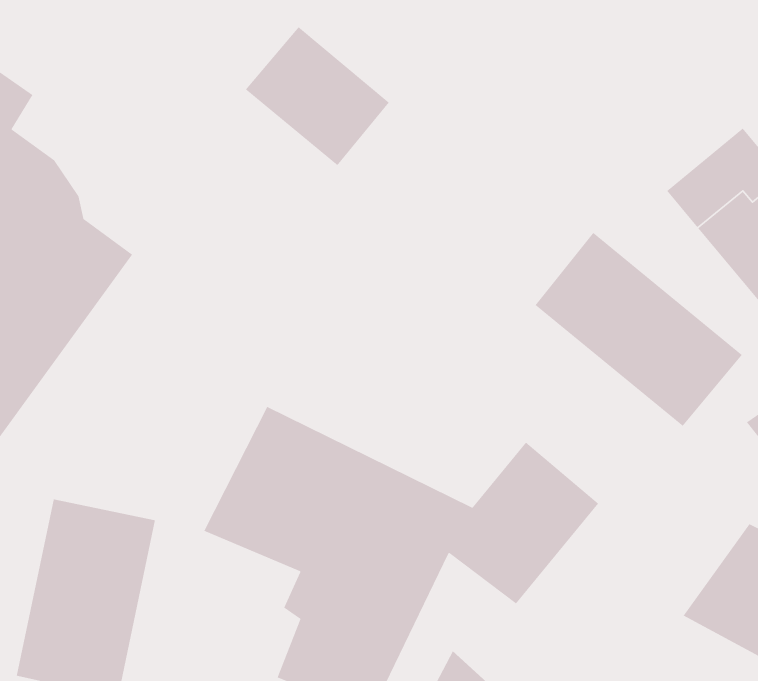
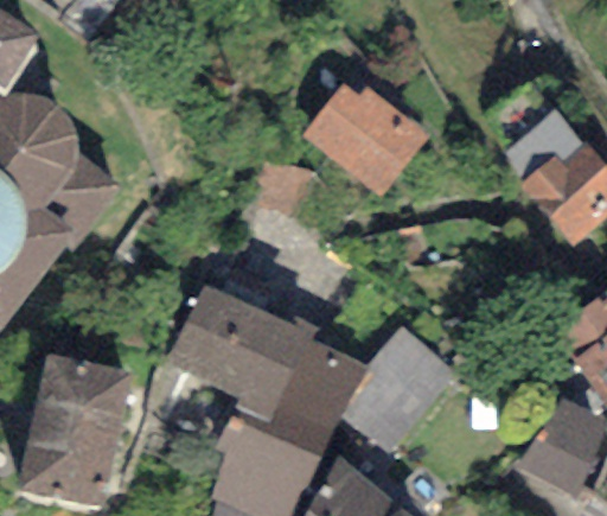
building: [245,26,390,166] -> [312,82,417,184]
building: [534,232,743,427] -> none

